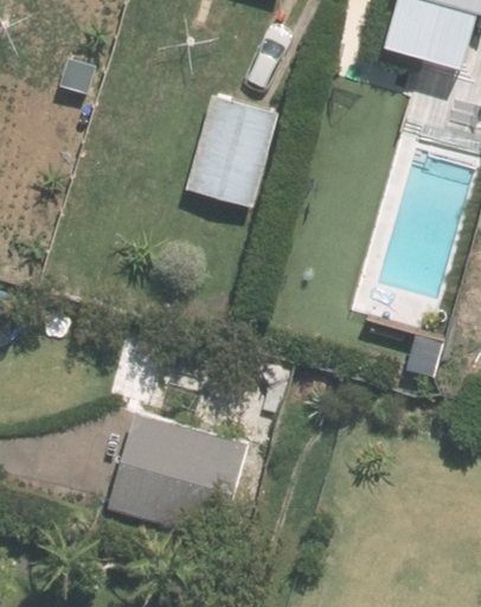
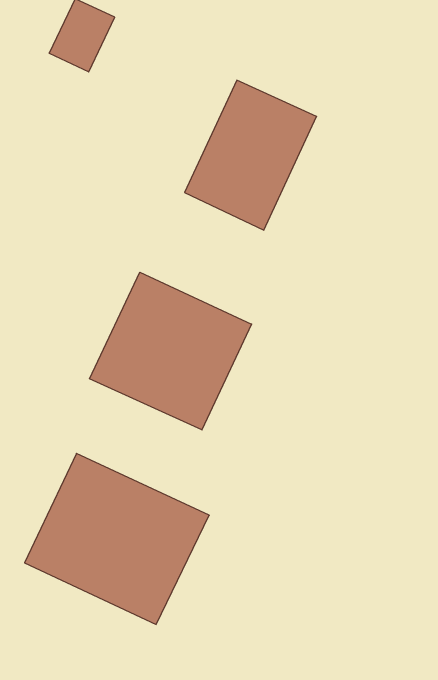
building: none -> [89,272,252,430]

